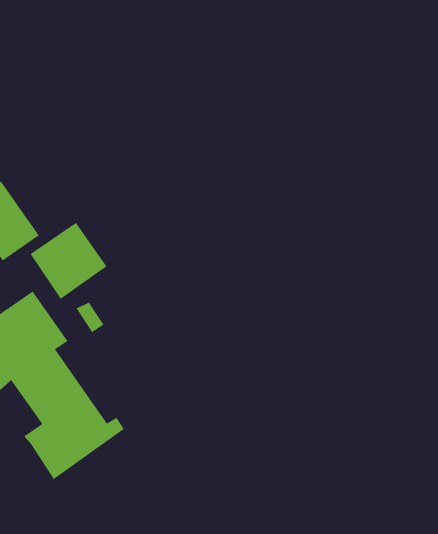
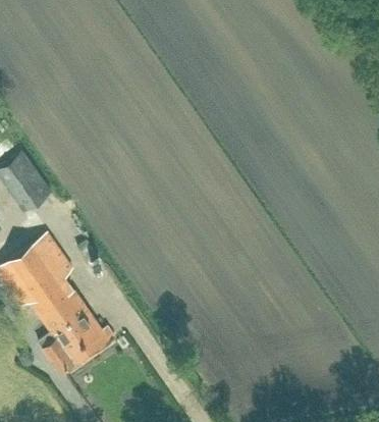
building: [29,222,108,300] -> none

